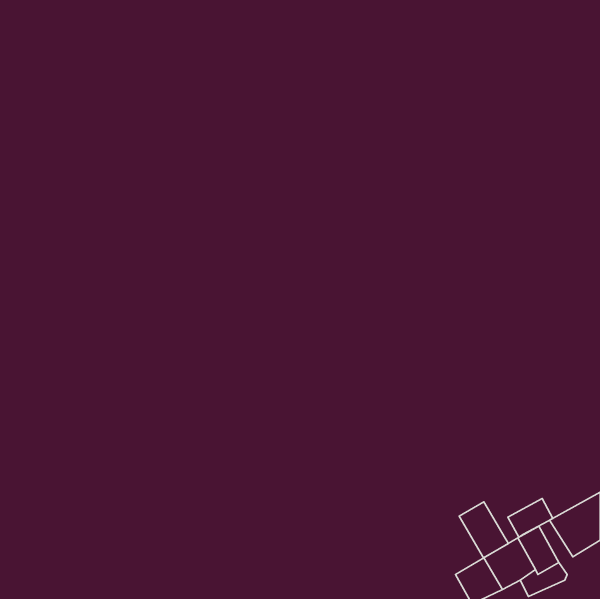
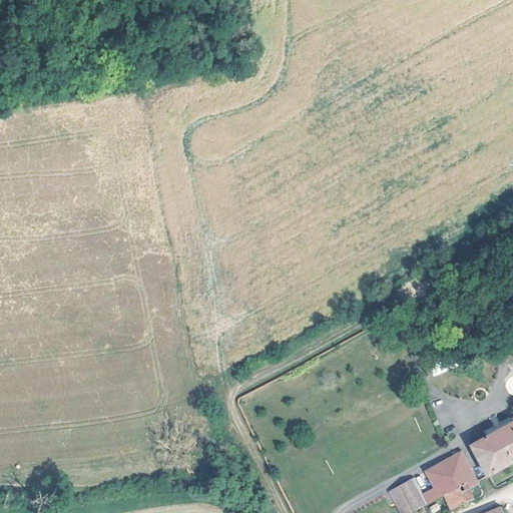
building: [508,499,553,537] -> none
building: [459,502,508,558] -> none

